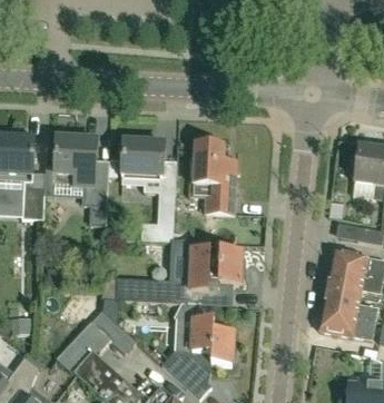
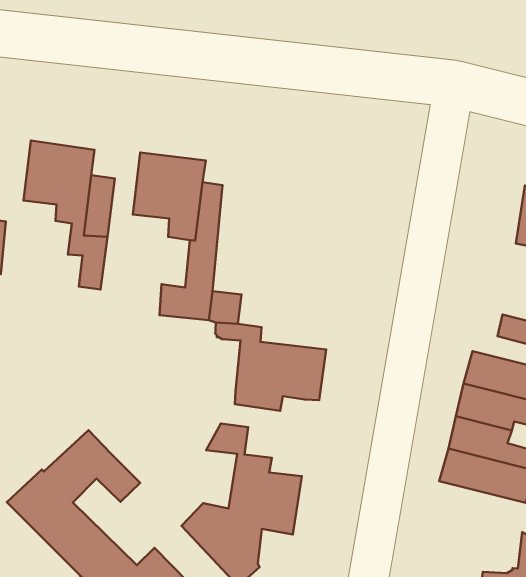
building: [189,144,236,213] -> none
building: [118,278,233,304] -> none

